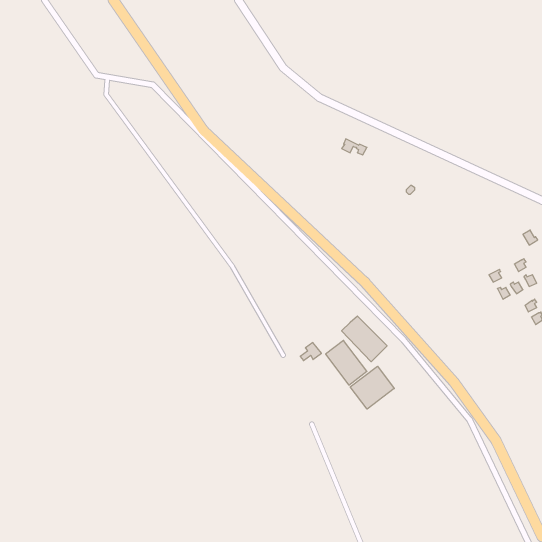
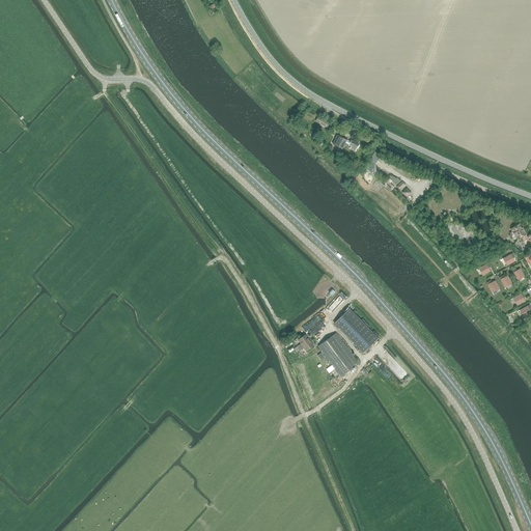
building: [350,366,394,409] -> none

